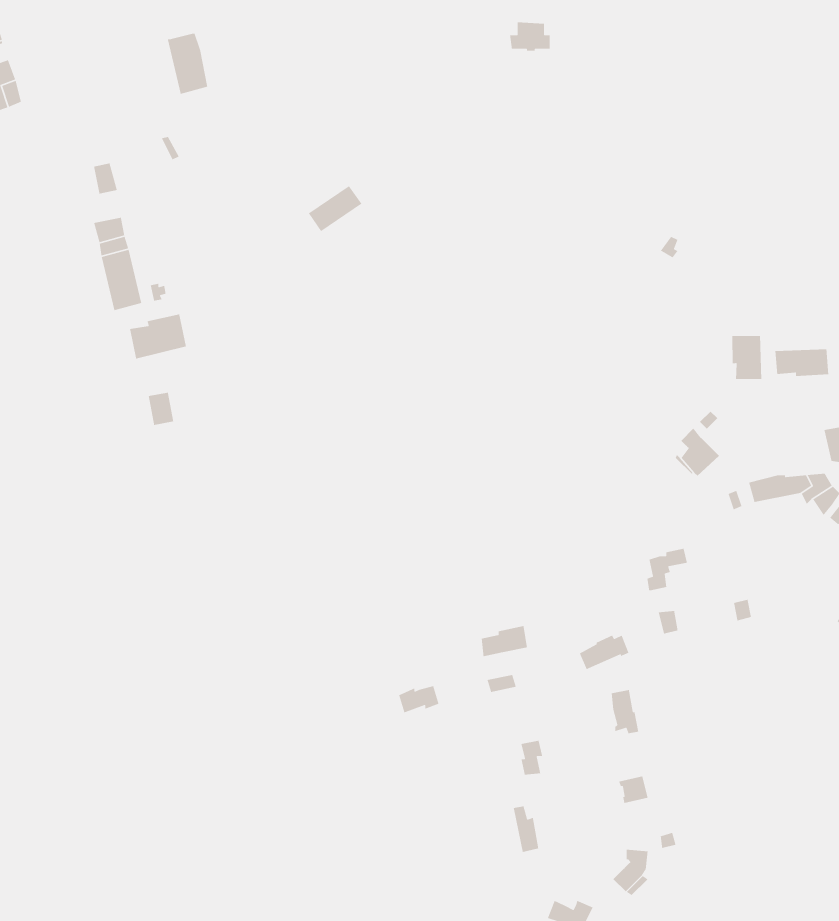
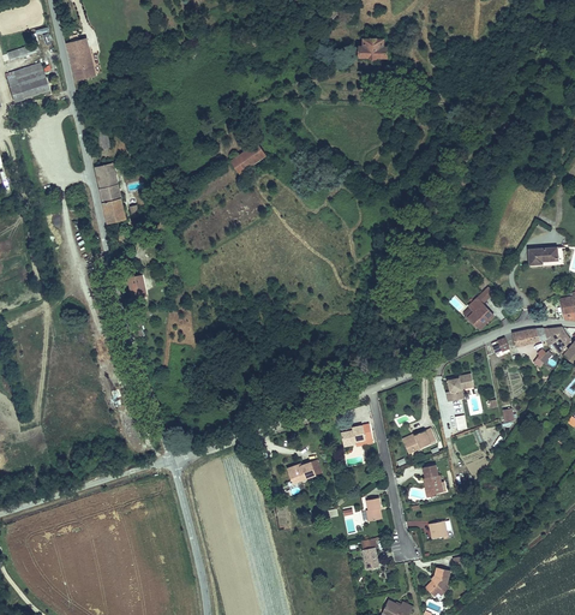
building: [167,33,208,95] -> [67,40,94,79]
building: [129,314,187,359] -> none
building: [731,335,762,380] -> none

